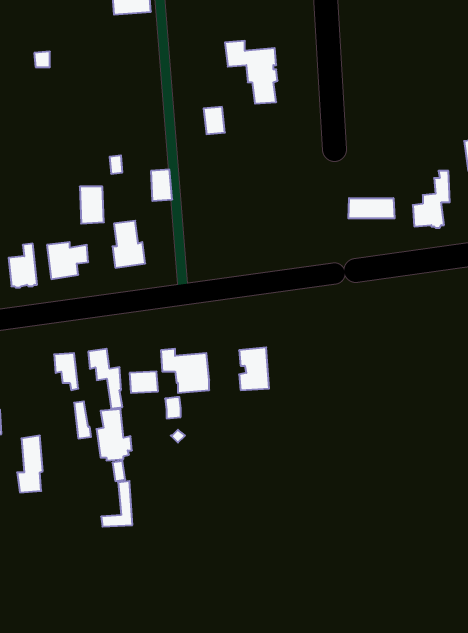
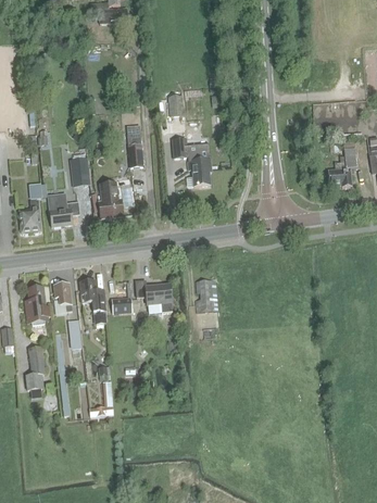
building: [225,41,278,104] -> [171,136,211,184]
building: [348,198,395,218] -> none
building: [96,409,132,460] -> [24,285,51,324]

